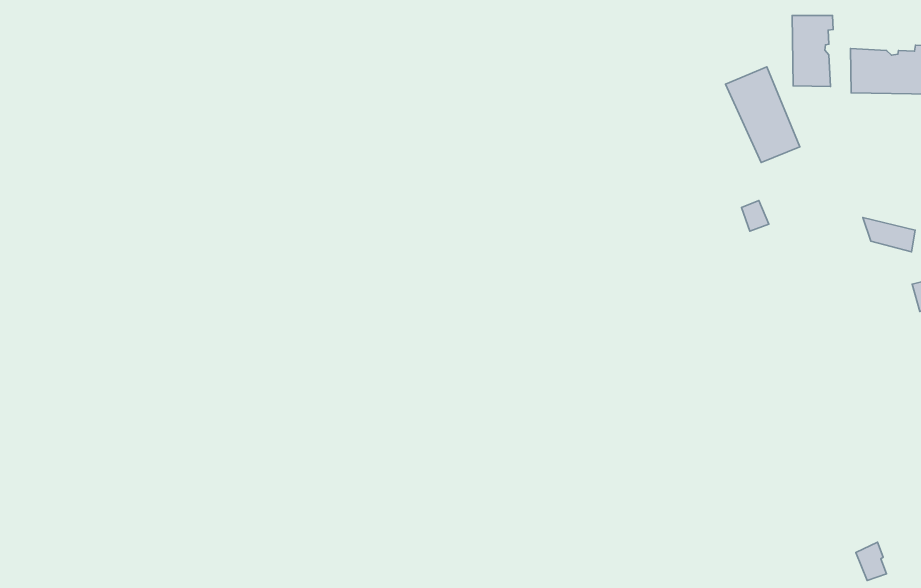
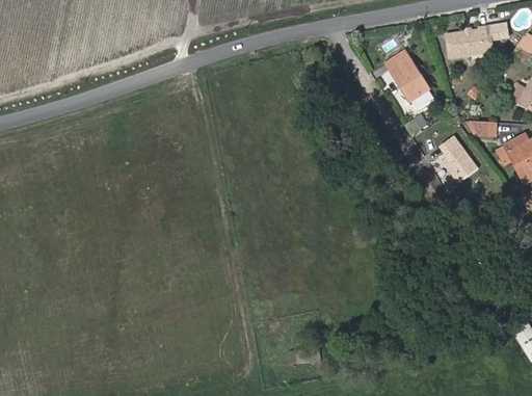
building: [792,15,833,86] -> none
building: none -> [440,136,478,182]

